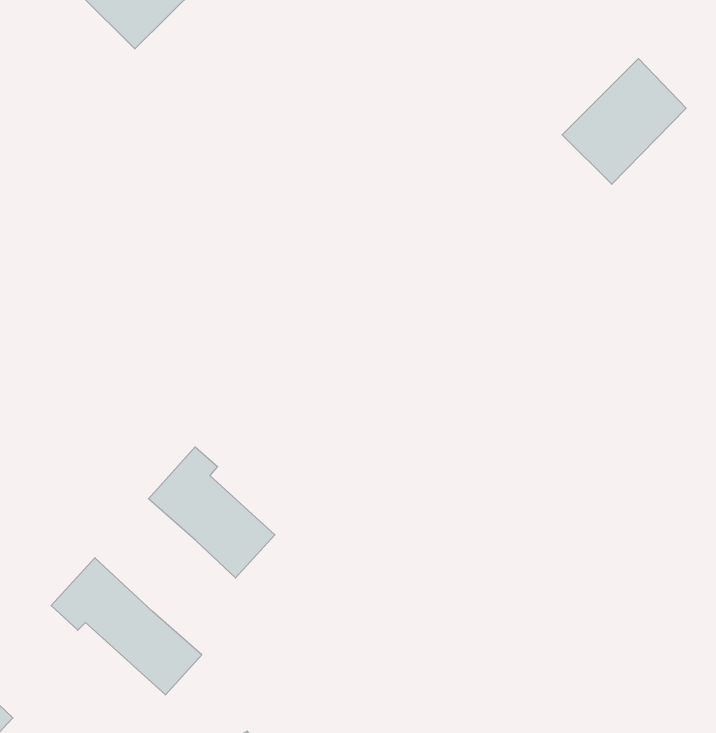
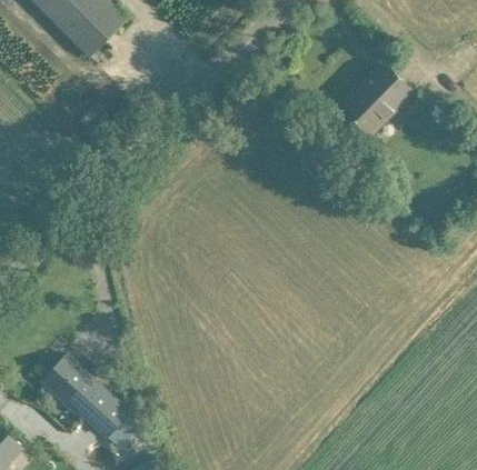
building: [148,447,275,578] -> none

